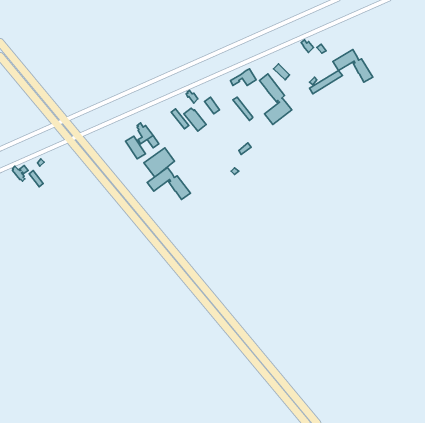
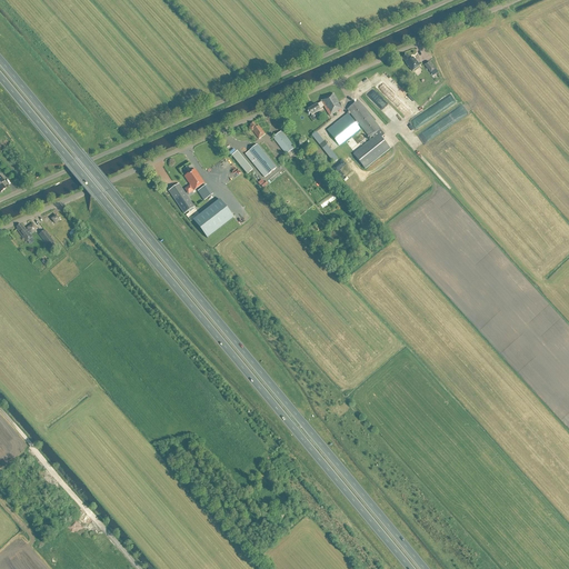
building: [333,49,373,82] -> none
building: none -> [327,112,360,143]
building: [147,167,190,200] -> none

